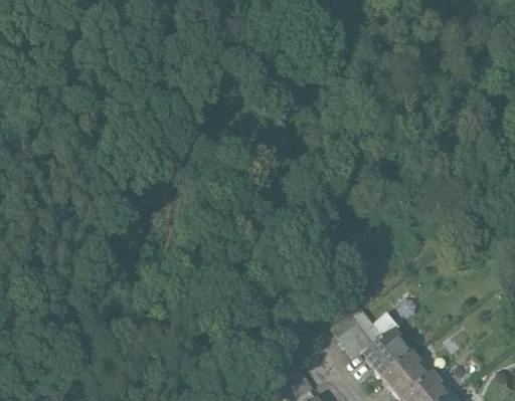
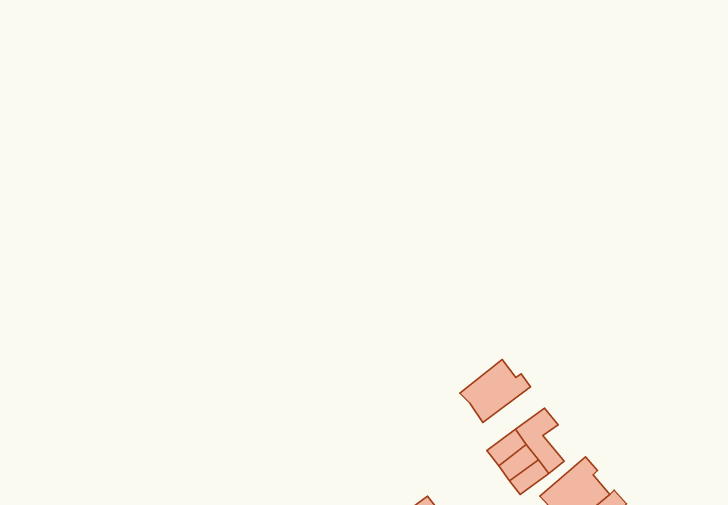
building: none -> [460,360,530,422]

